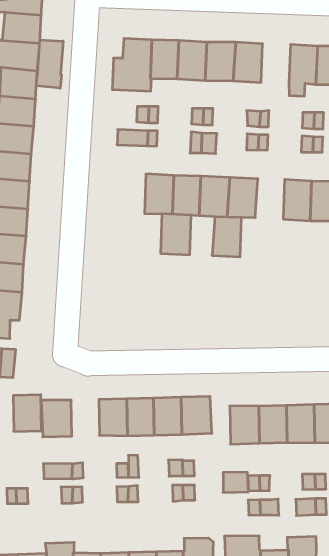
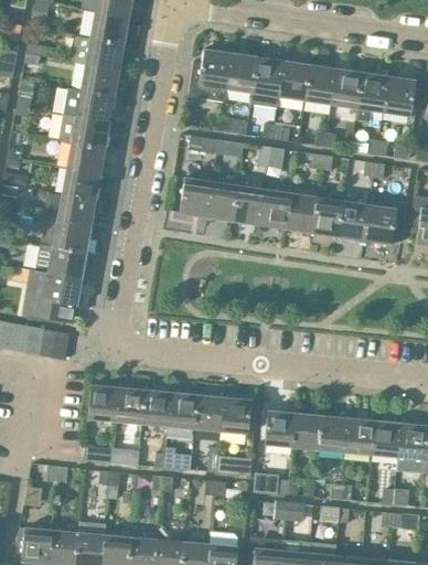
building: [36,40,63,88] -> none
building: none -> [331,70,363,109]
building: [161,214,191,255] -> [179,177,212,218]
building: [212,217,241,257] -> [311,198,343,238]
building: [13,395,41,431] -> [114,388,143,425]

